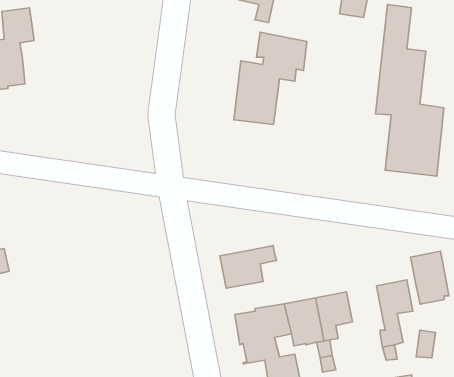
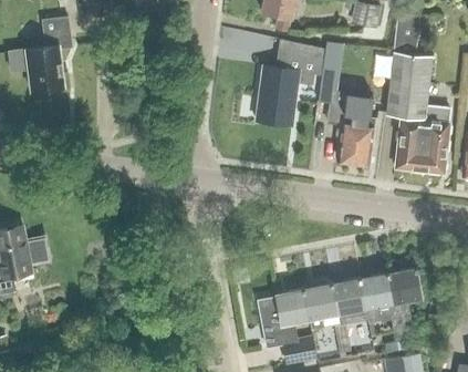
building: none -> [318,42,376,164]
building: [220,246,276,288] -> none
building: [411,251,449,304] -> [360,272,395,321]

